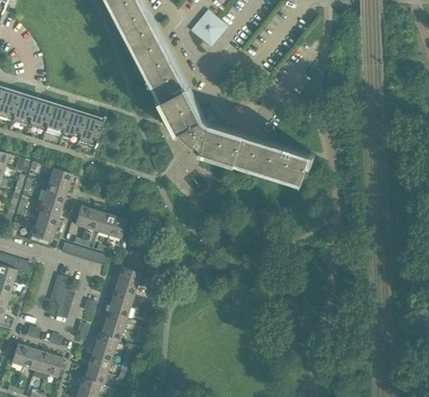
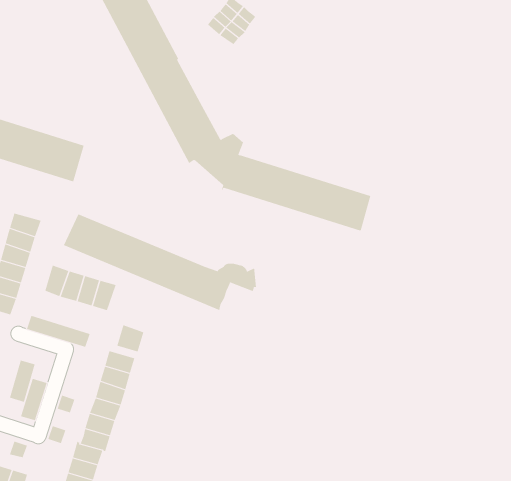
building: none -> [63,213,257,311]

